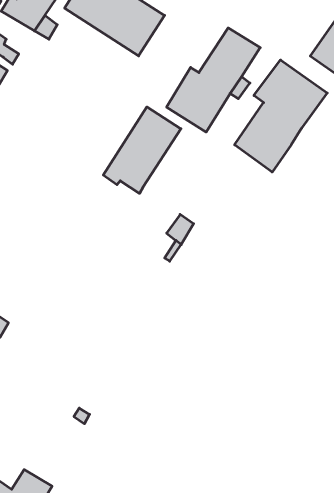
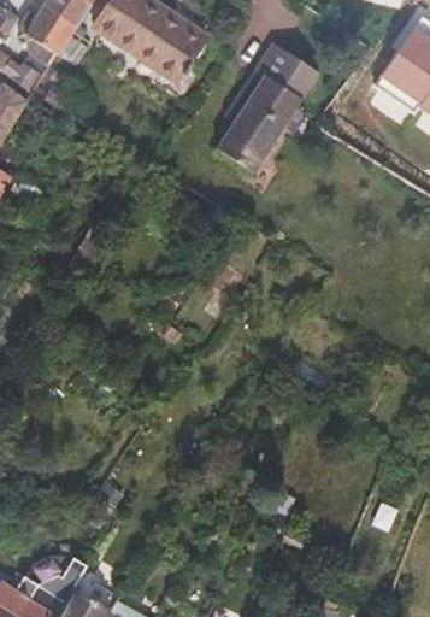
building: [235,60,327,172] -> none
building: [103,107,181,193] -> none

